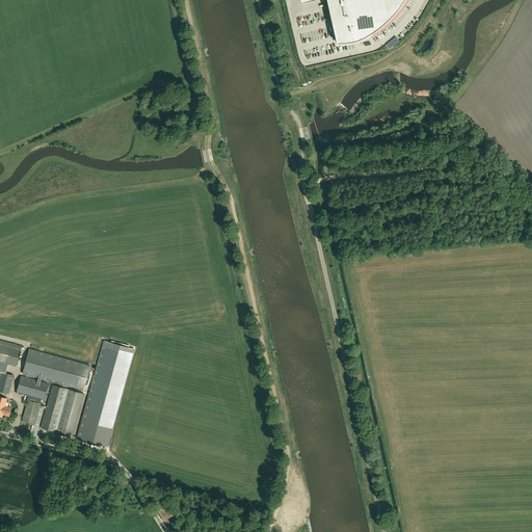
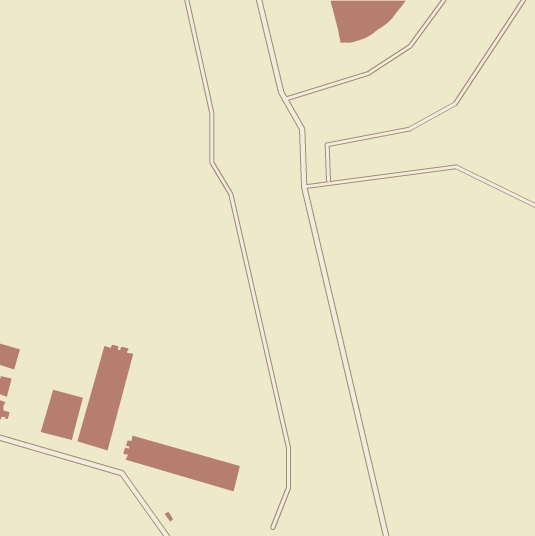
building: [16,349,88,423] -> none
building: none -> [122,435,241,492]

